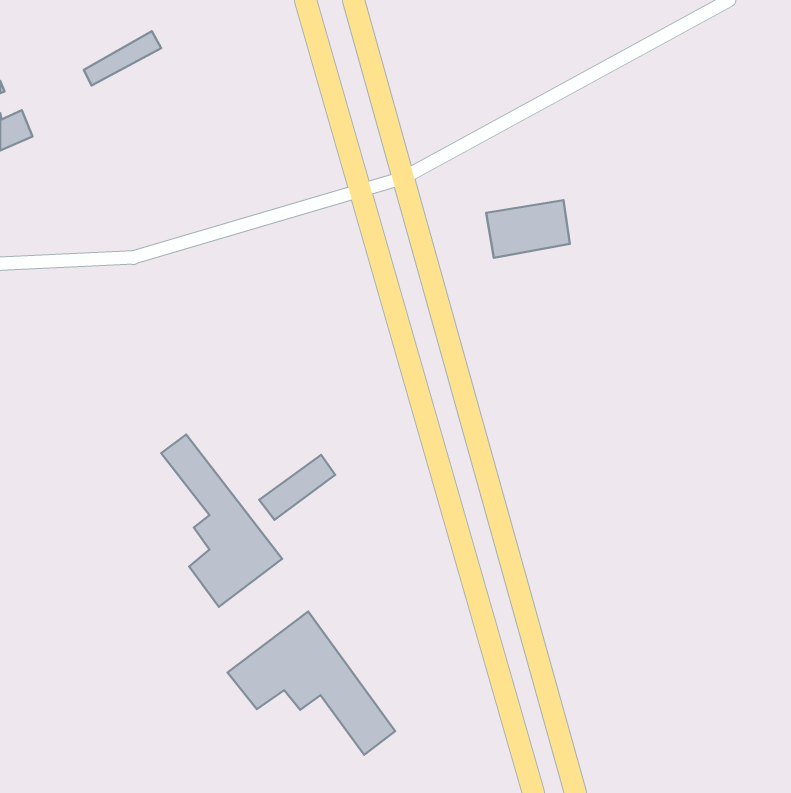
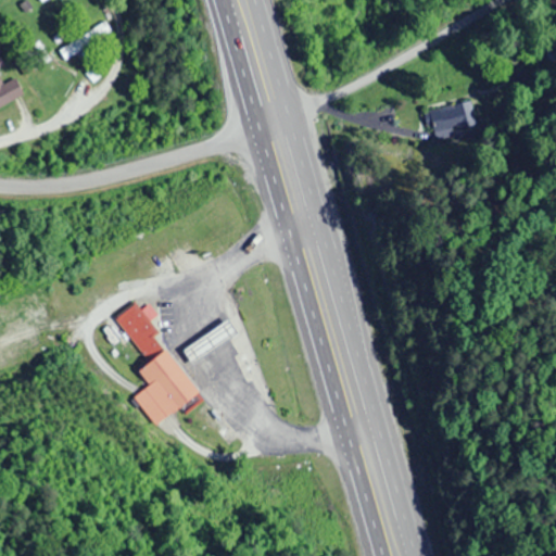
building: [486,200,570,258] -> [420,100,479,140]
building: [228,612,395,755] -> none

